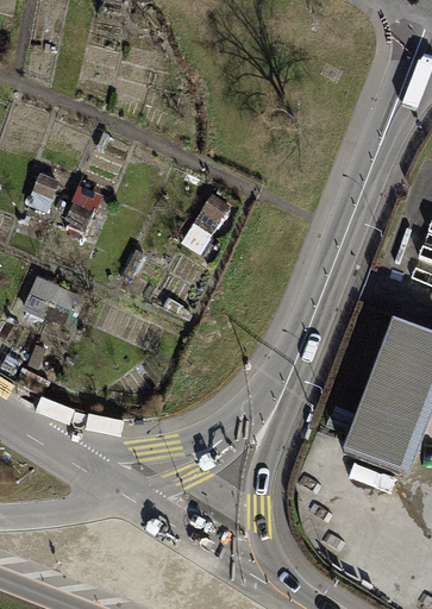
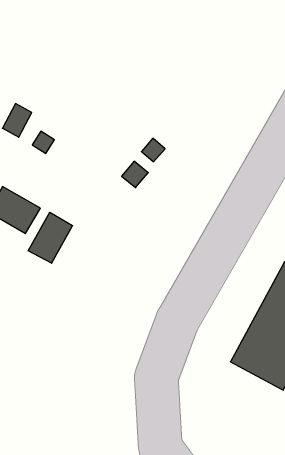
building: none -> [28,212,73,263]

